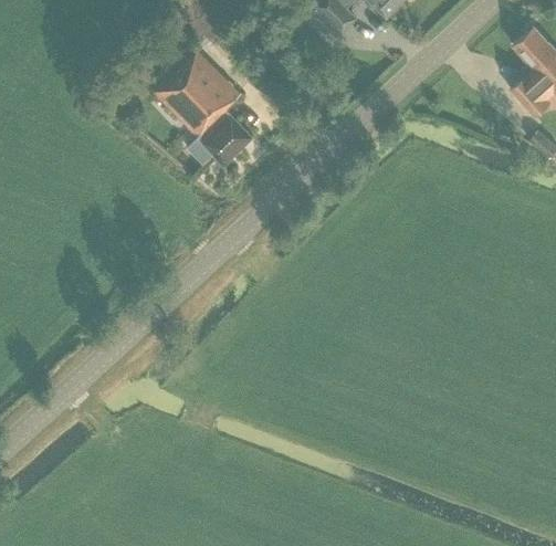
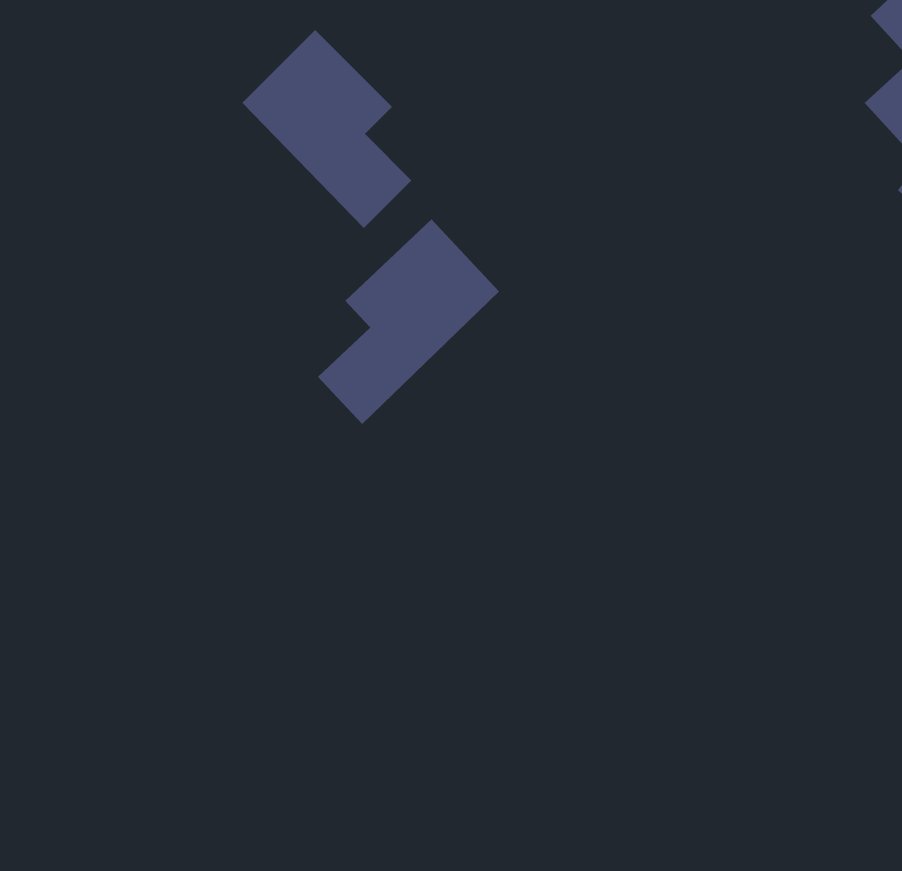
building: none -> [317,219,500,425]

